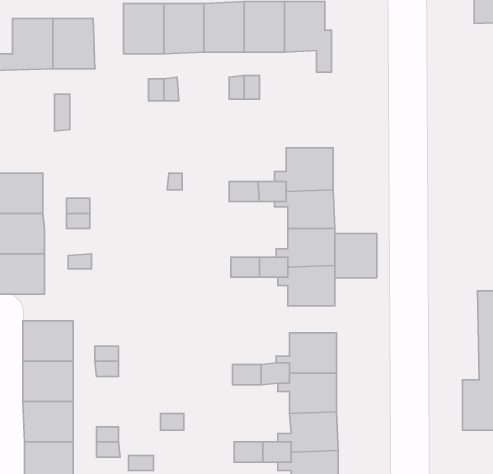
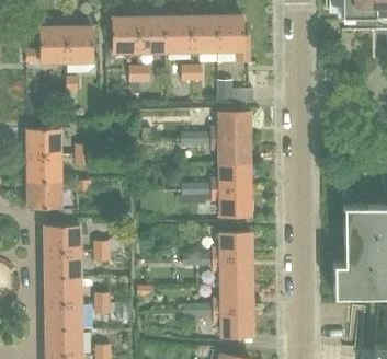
building: none -> [217,81,253,103]
building: [335,233,377,278] -> none

